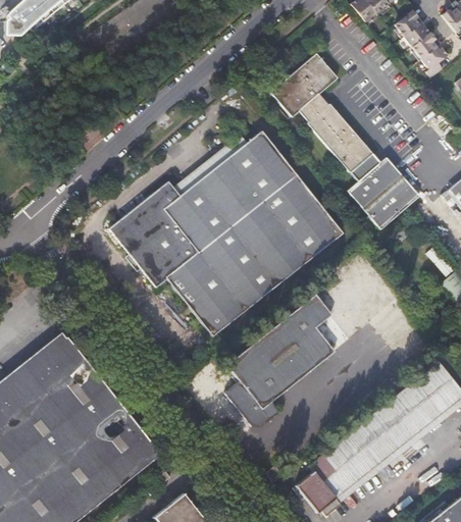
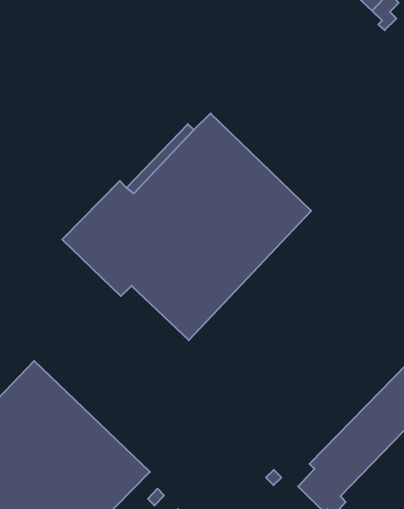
building: [273,52,423,226] -> none
building: [223,295,335,428] -> none

